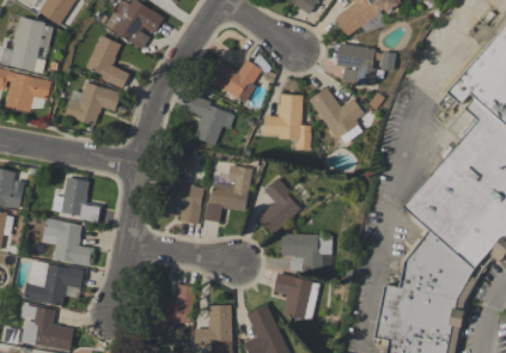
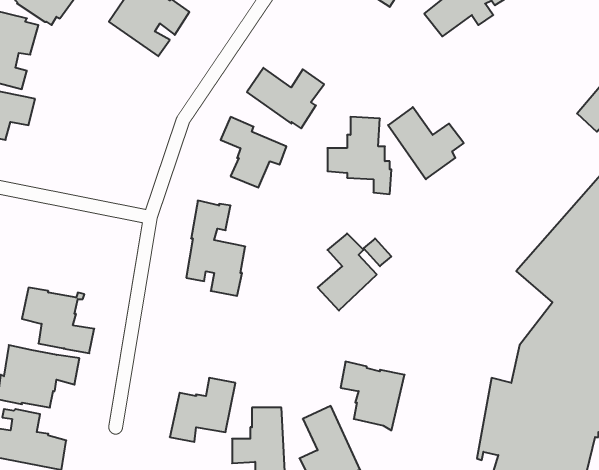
building: [86,35,129,87] -> none
building: [336,42,377,86] -> none
building: [65,81,121,124] -> none
building: [205,164,252,221] -> none
building: [51,177,103,223] -> none
building: [281,233,333,273] -> none

